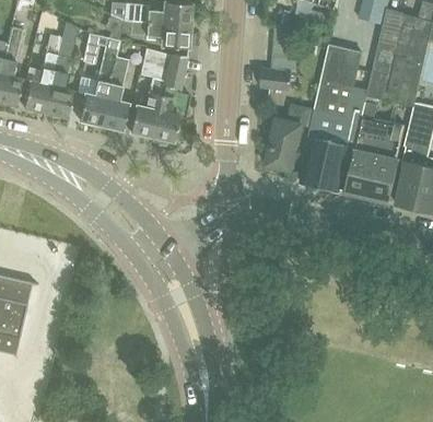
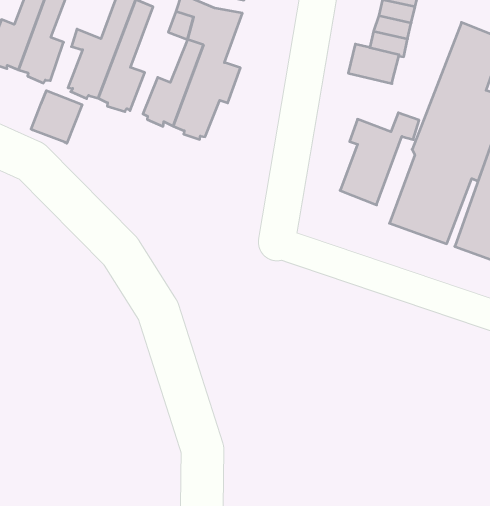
building: none -> [31,91,82,143]

